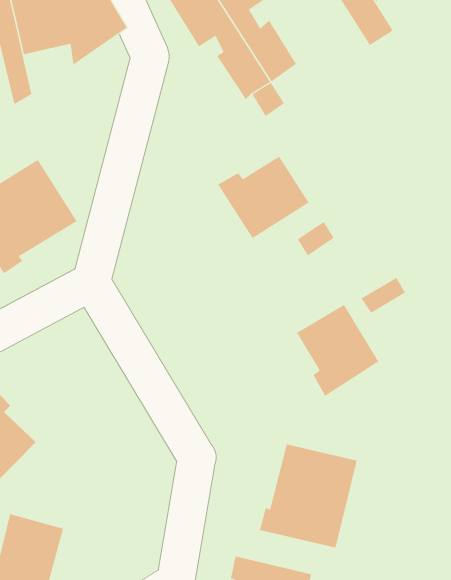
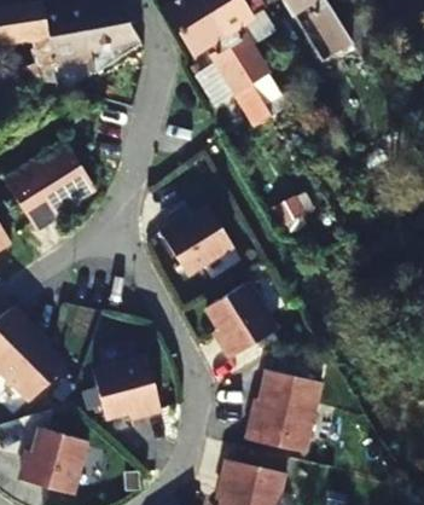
building: [217,156,310,239] -> [158,211,232,278]
building: [296,304,379,396] -> [204,288,271,361]
building: none -> [89,359,156,418]

